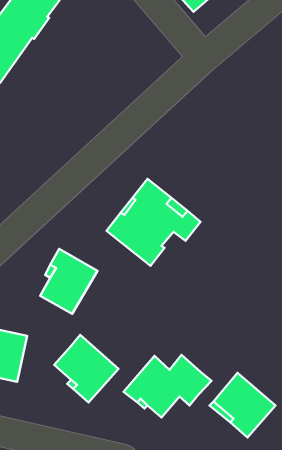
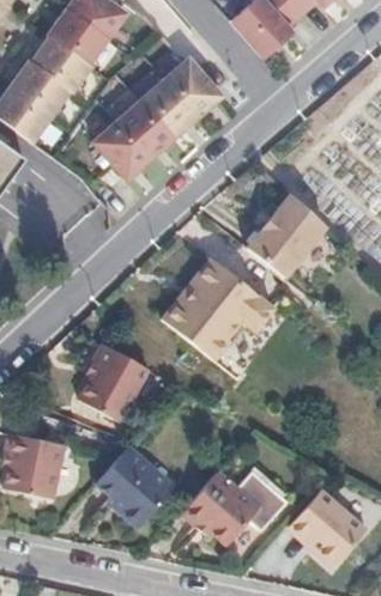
building: none -> [96,57,222,177]
building: none -> [246,193,327,279]

